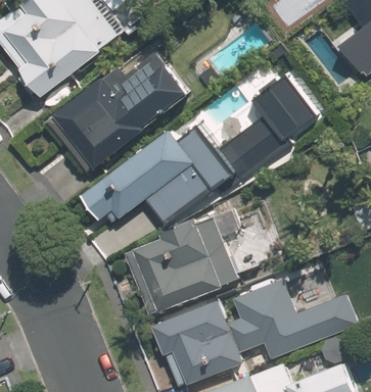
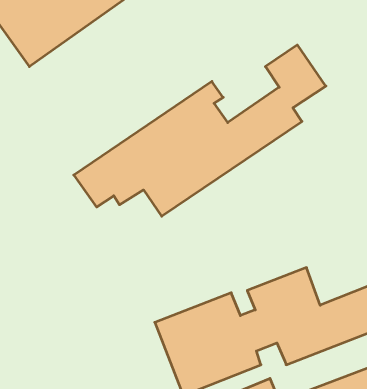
building: [51,55,186,167] -> none
building: [124,207,244,313] -> none

